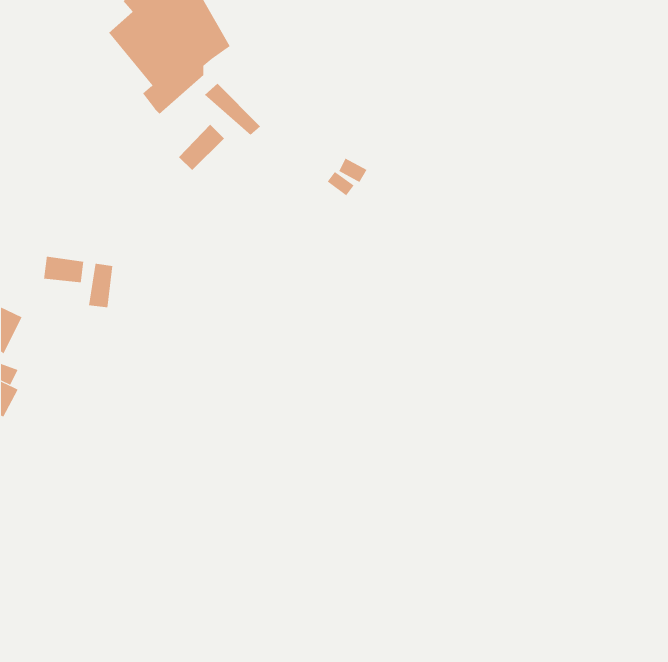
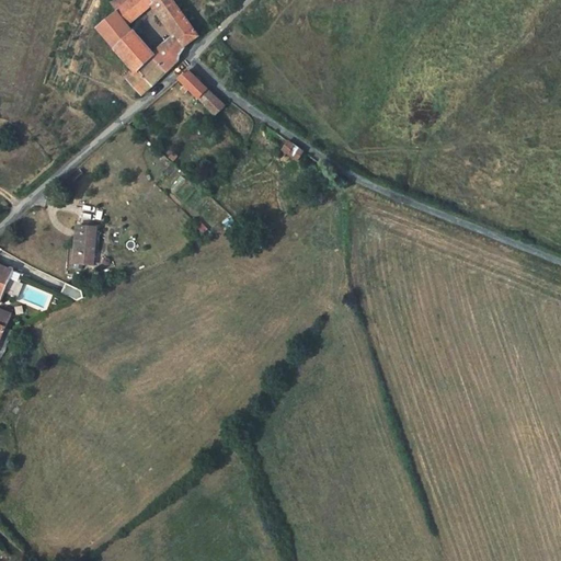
building: [178,124,225,171] -> none
building: [43,256,84,283] -> none

